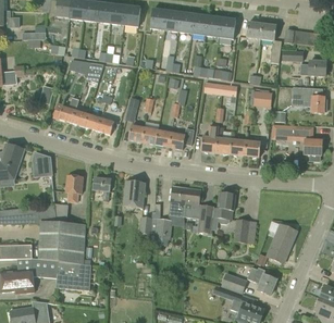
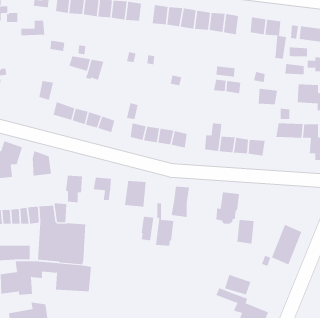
building: [185,187,213,233] -> none
building: [247,266,276,295] -> none

